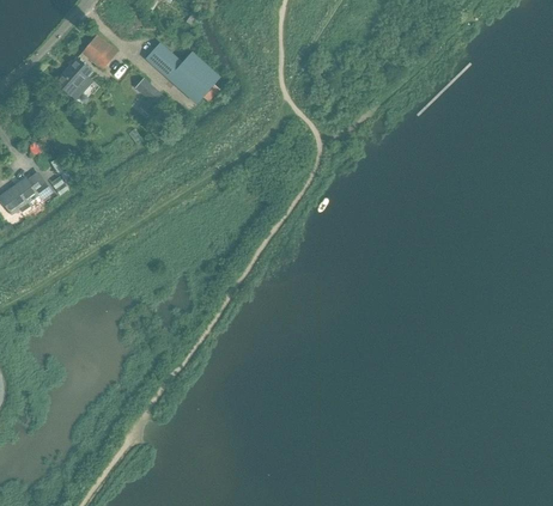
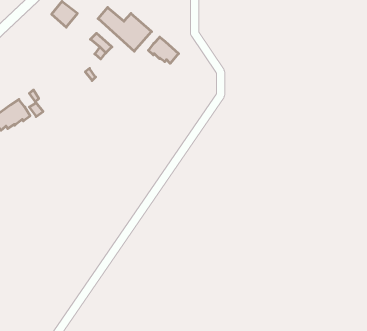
building: [55,57,91,99] -> none
building: none -> [148,37,179,63]

